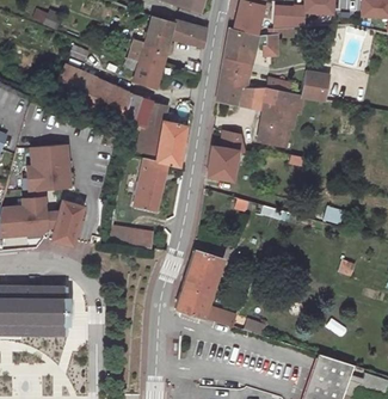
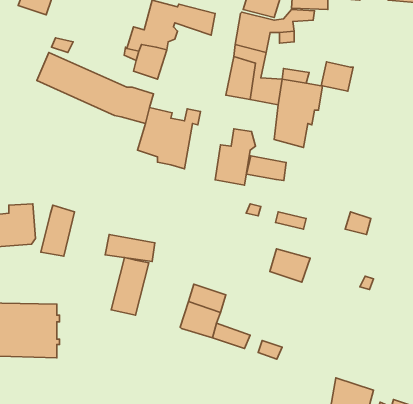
building: [27,145,70,190] -> none
building: none -> [246,156,286,181]
building: [135,158,168,209] -> [111,258,149,315]
building: [189,248,224,278] -> [270,249,310,282]

